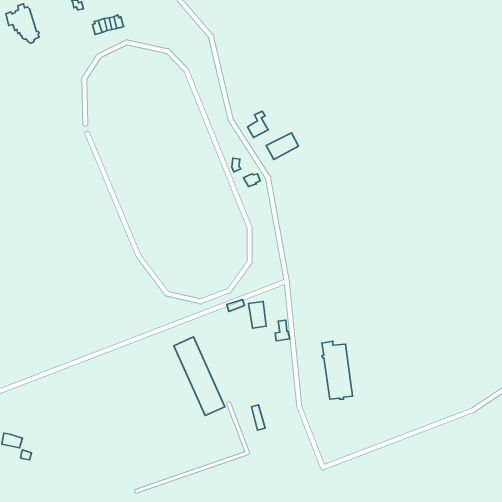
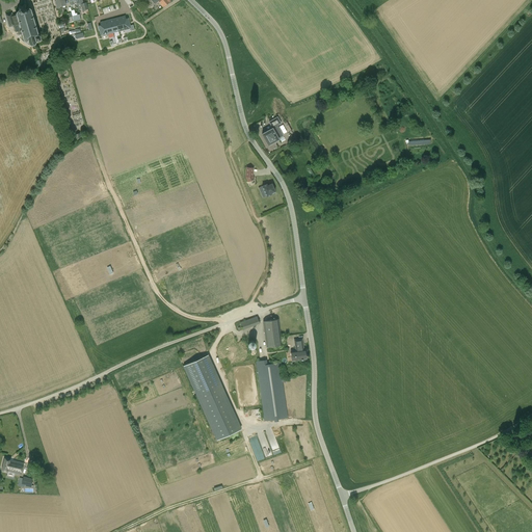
building: [266,133,298,160] -> none
building: [322,341,352,399] -> [256,360,288,421]

